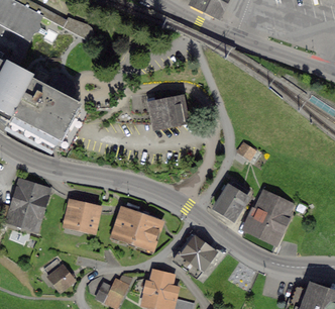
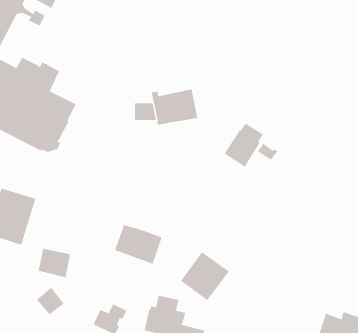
building: [216,180,250,218] -> [224,123,264,168]
building: [246,191,294,240] -> none
building: [69,203,97,228] -> [38,248,71,278]

